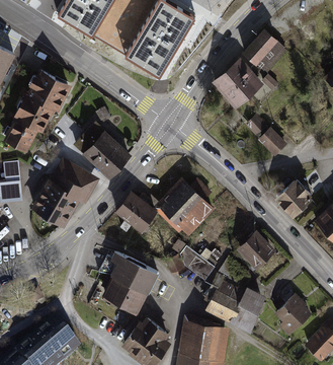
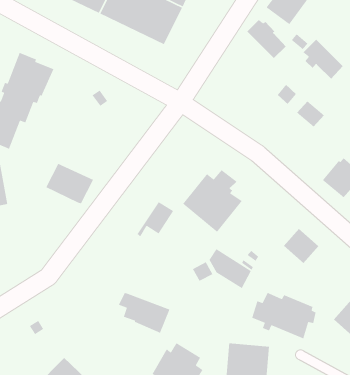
building: [215,70,247,104] -> [302,39,344,80]
building: [75,124,129,175] -> none
building: [33,180,77,223] -> none
building: [116,193,143,227] -> none
building: [98,251,157,291] -> none

